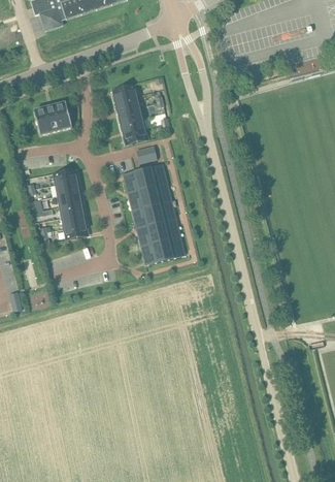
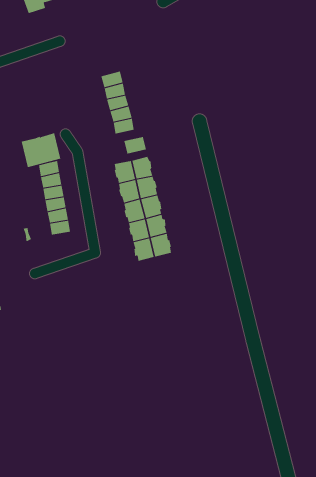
building: [33,101,71,134] -> [21,133,61,168]

